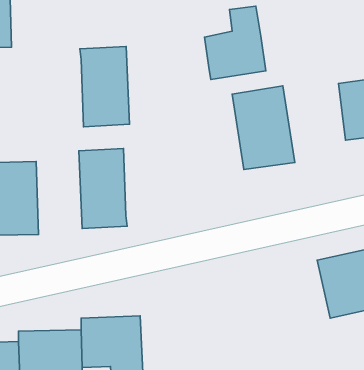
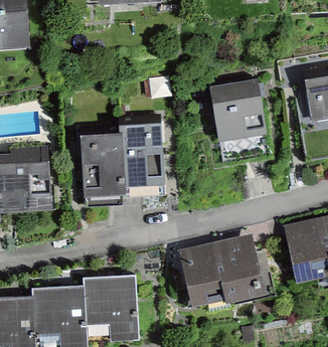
building: [204,6,266,79] -> none
building: [80,47,130,127] -> [120,123,162,191]
building: none -> [181,236,264,302]

